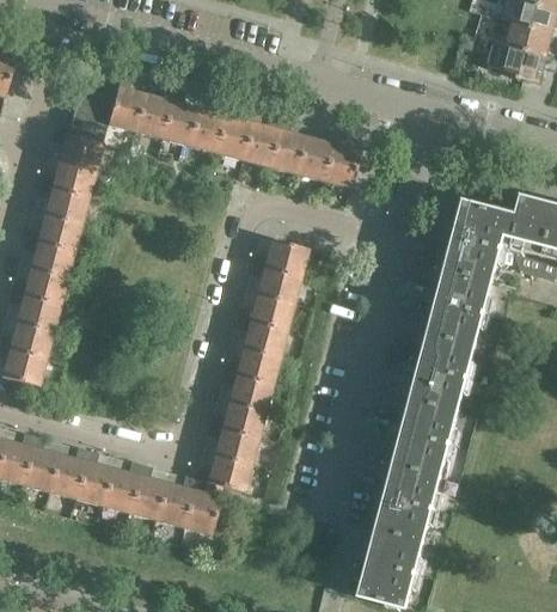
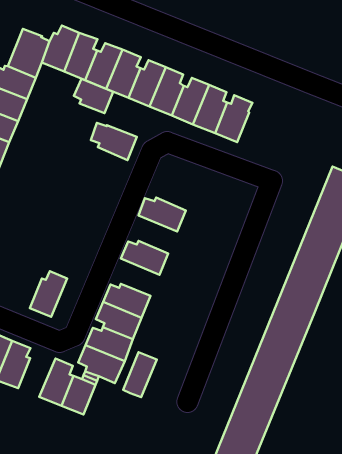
building: none -> [74,79,113,113]
building: [251,238,305,277] -> [91,123,137,160]
building: [237,290,290,331] -> none
building: [222,344,276,384] -> none
building: none -> [123,352,157,397]
building: [127,466,166,520] -> [30,271,67,317]

